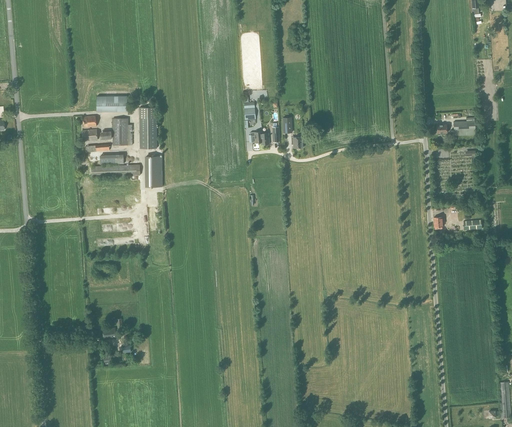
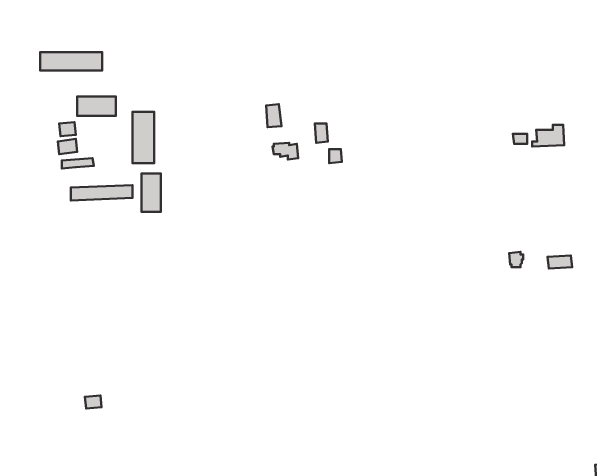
building: none -> [40,52,102,70]
building: [113,116,132,143] -> none

